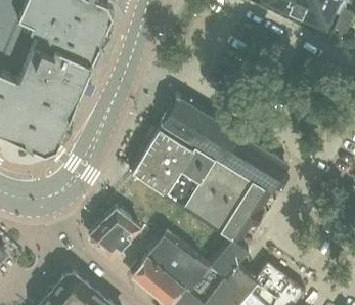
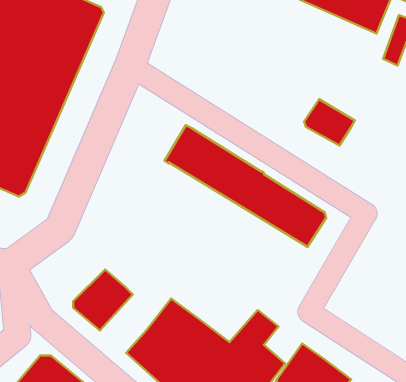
building: none -> [304,99,355,145]
building: [131,130,270,246] -> none

